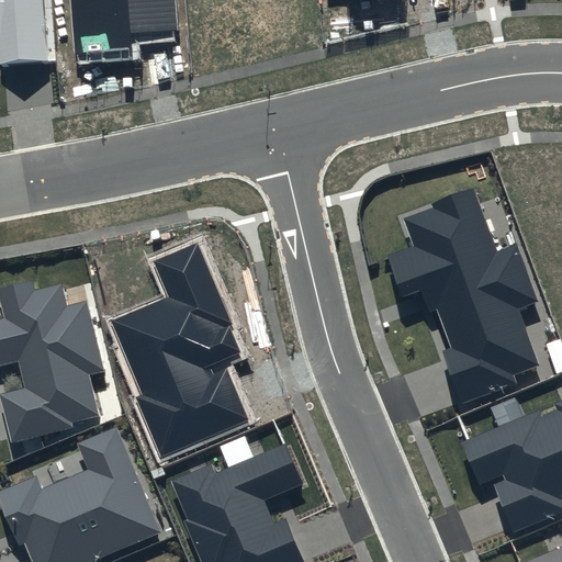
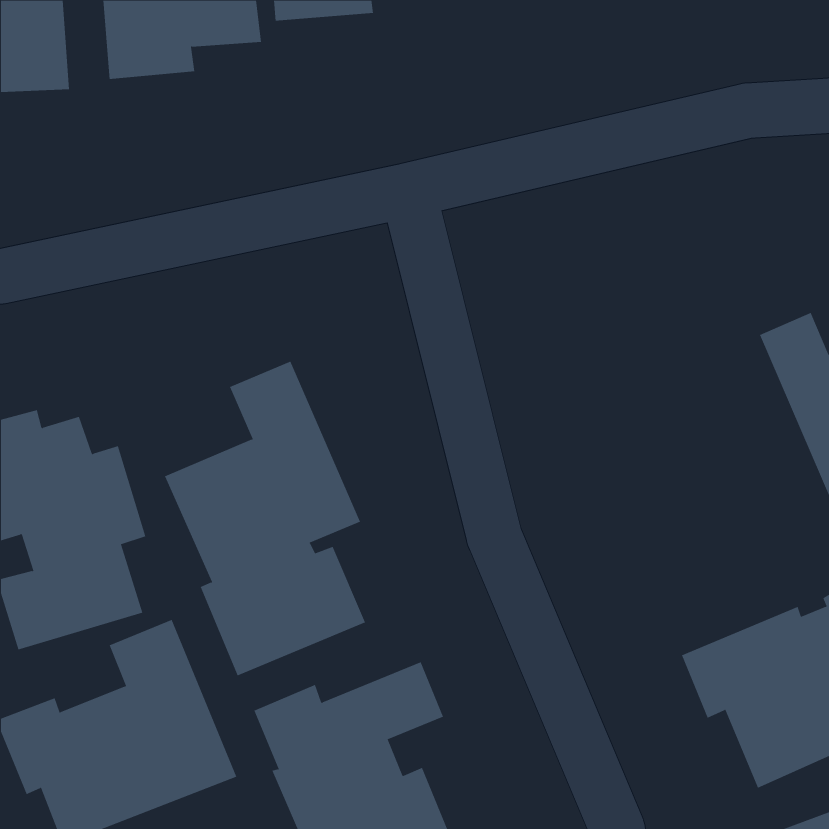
building: [384,186,539,403] -> none

